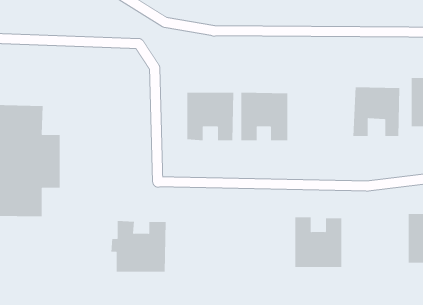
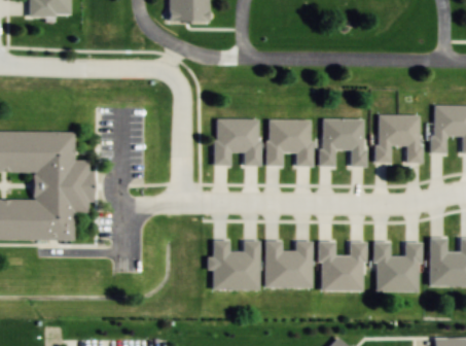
building: none -> [322,119,366,167]
building: none -> [265,241,313,288]
building: none -> [375,241,422,291]
building: [111,221,167,272] -> [207,240,261,290]

